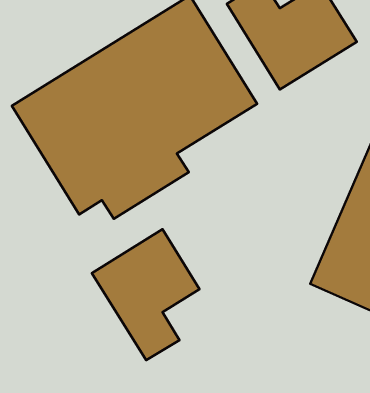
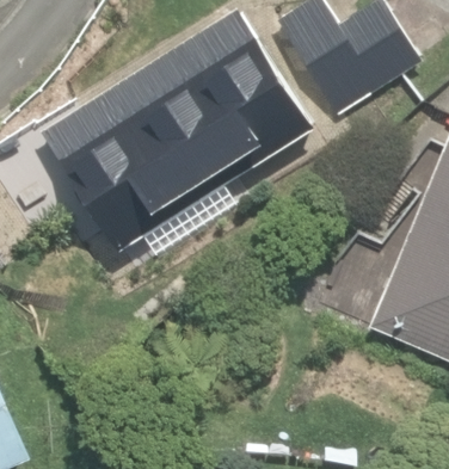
building: [92,229,199,360] -> none

